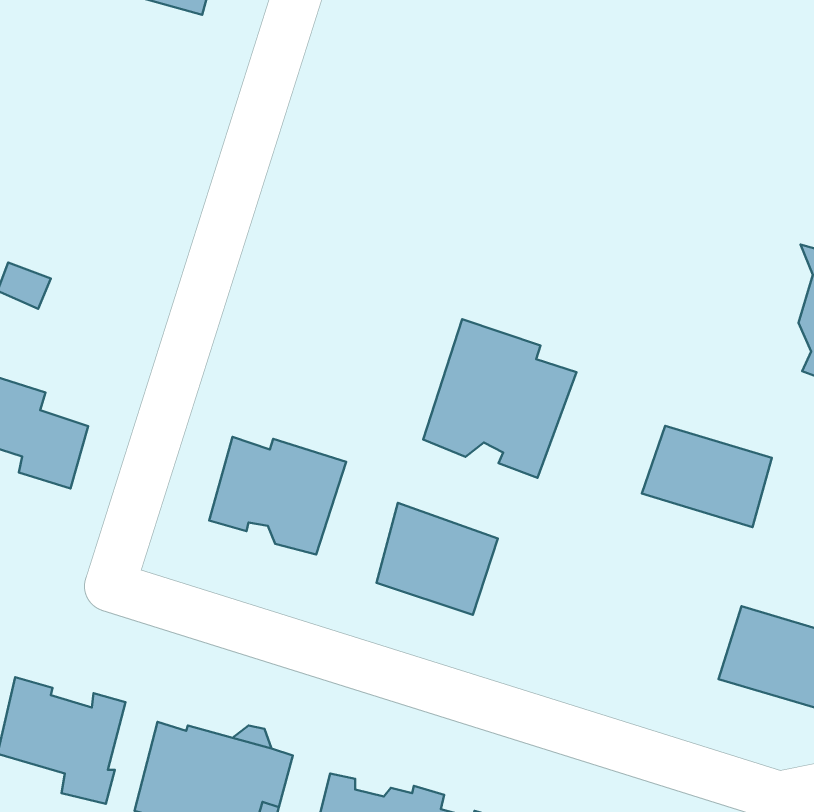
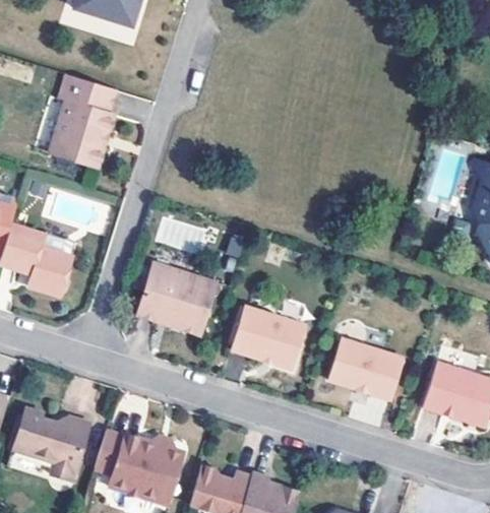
building: none -> [47,75,113,165]
building: [423,319,577,478] -> none
building: [642,426,772,527] -> [328,343,403,401]

